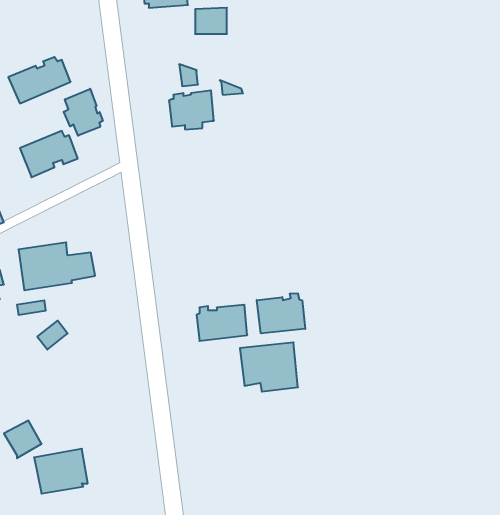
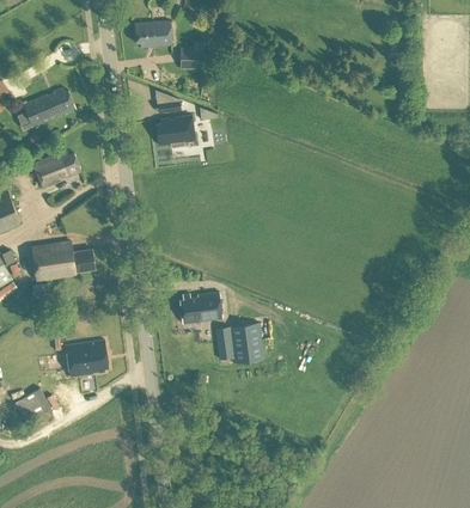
building: [64,89,103,136] -> none
building: [257,293,305,333] -> none
building: [34,449,88,494] -> [62,341,106,378]

